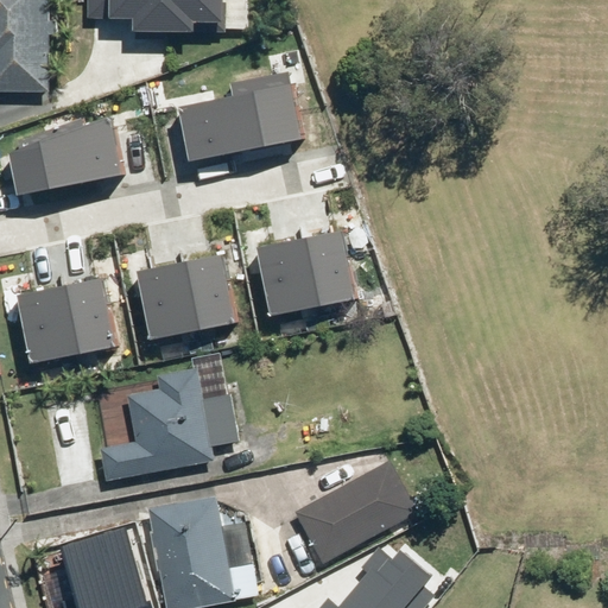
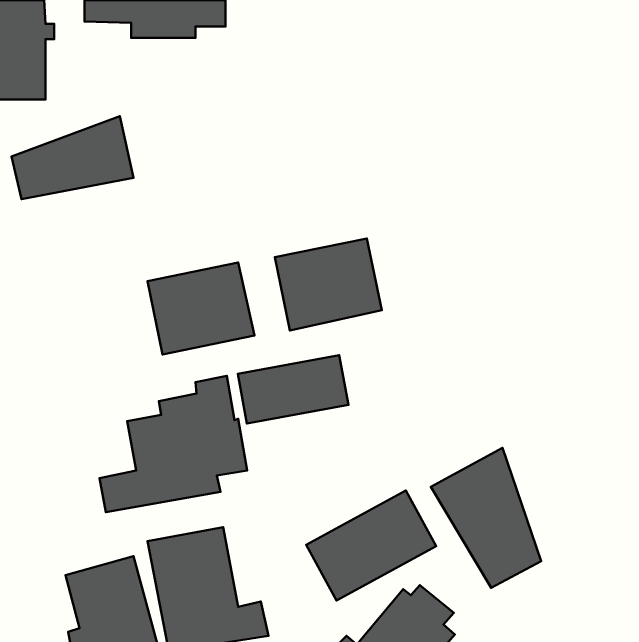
building: [179,80,302,158] -> none
building: [19,273,119,359] -> none
building: none -> [238,355,348,424]
building: none -> [431,448,541,588]

